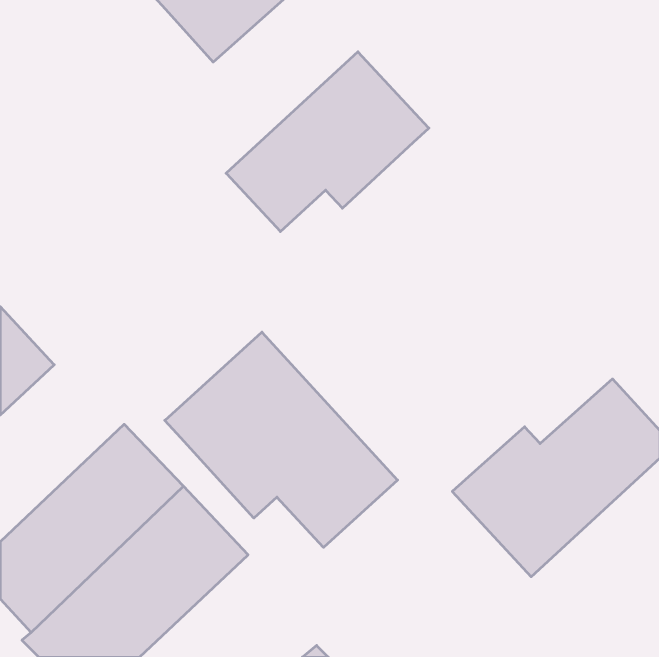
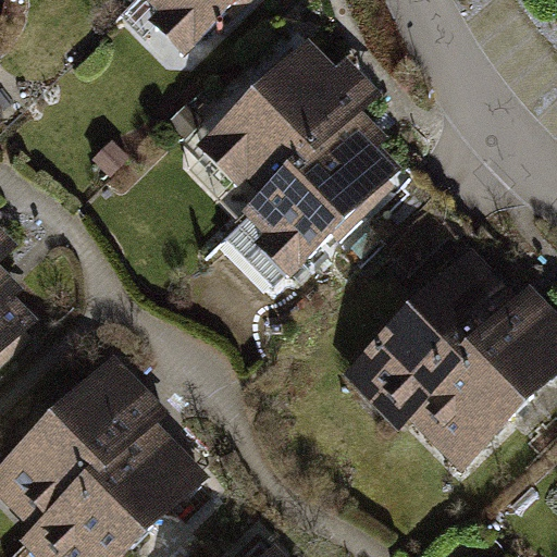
building: none -> [215,120,403,287]
building: none -> [359,243,529,394]
building: [165,332,398,547] -> none

